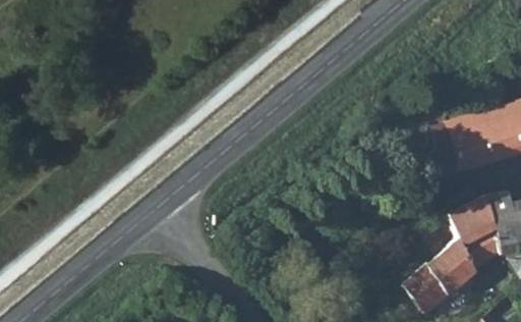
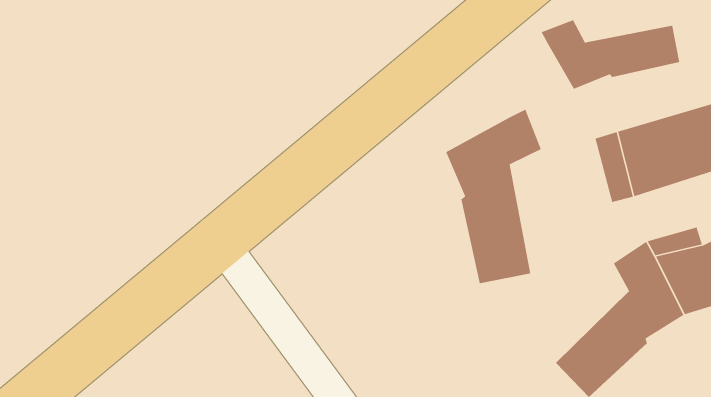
building: none -> [541,19,680,90]
building: none -> [445,109,542,284]

